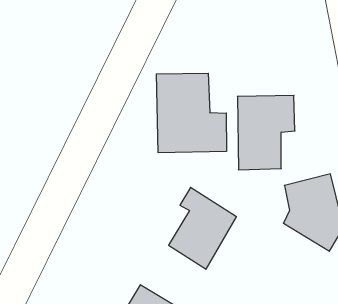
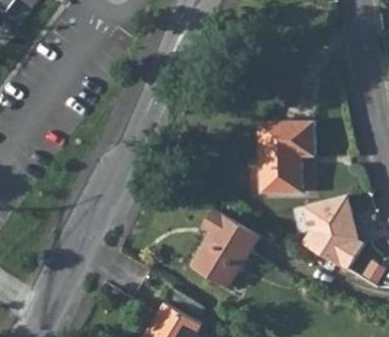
building: [156,73,226,153] -> none

